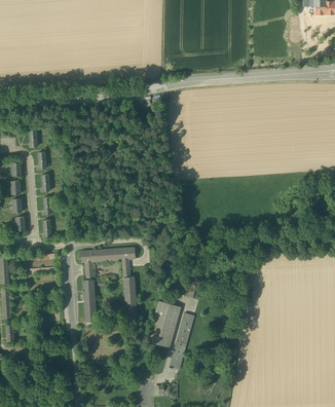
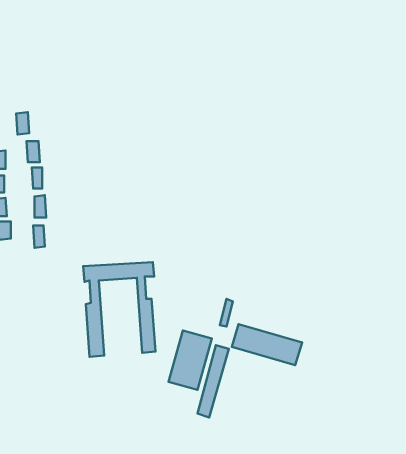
building: none -> [232,324,302,365]

